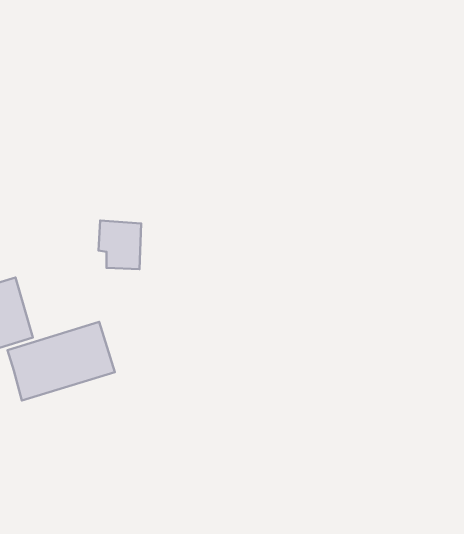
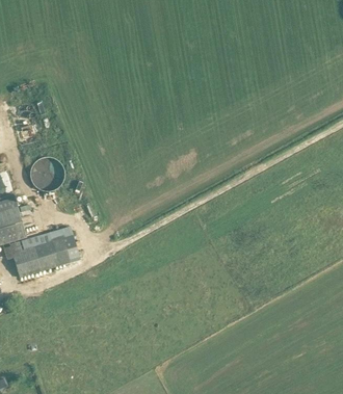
building: [98,220,141,269] -> [31,157,59,189]

